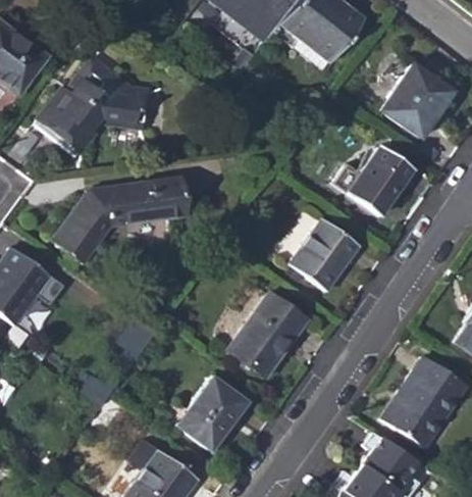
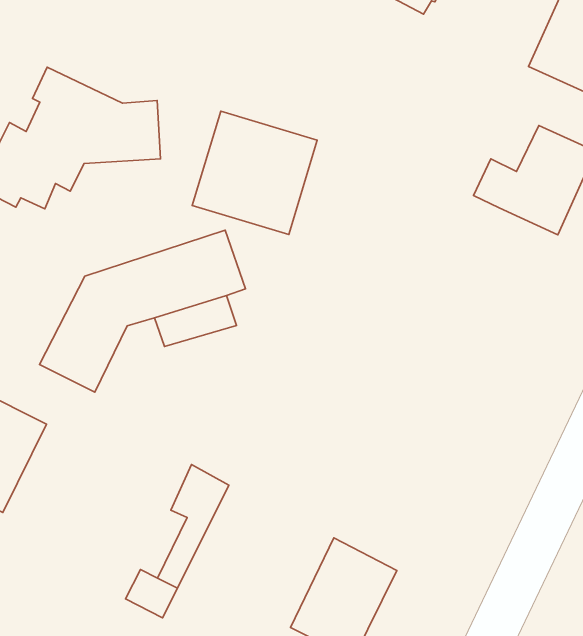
building: none -> [192,111,317,235]
building: [291,219,361,292] -> none
building: [229,292,308,378] -> none

